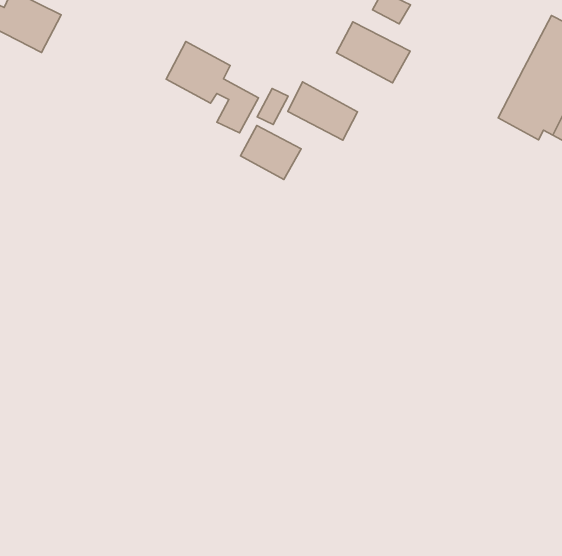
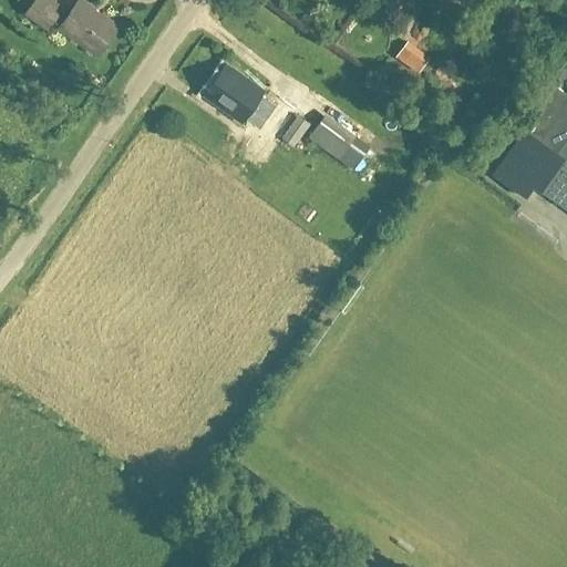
building: [336,22,410,83] -> none
building: [241,126,301,180] -> none

